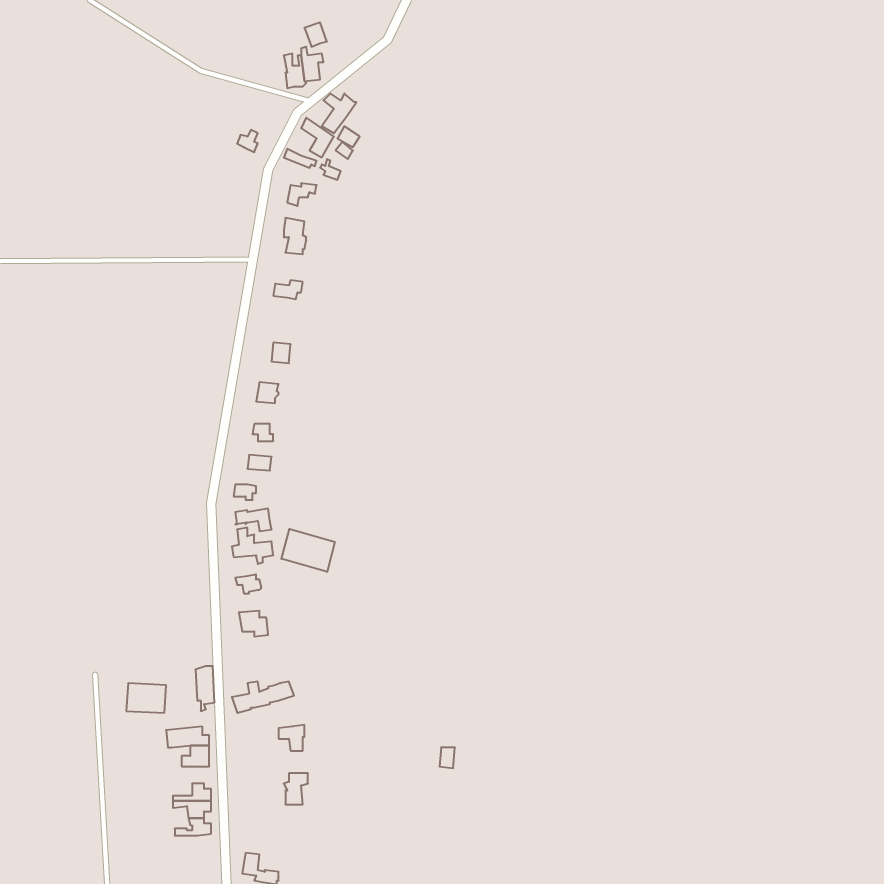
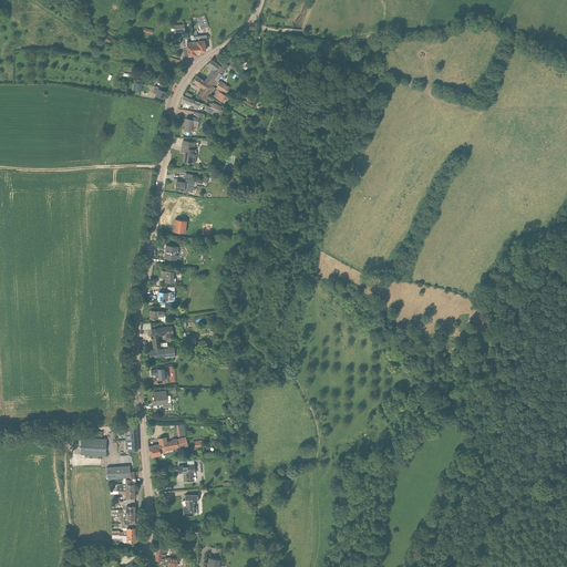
building: [281,529,335,572] -> none

